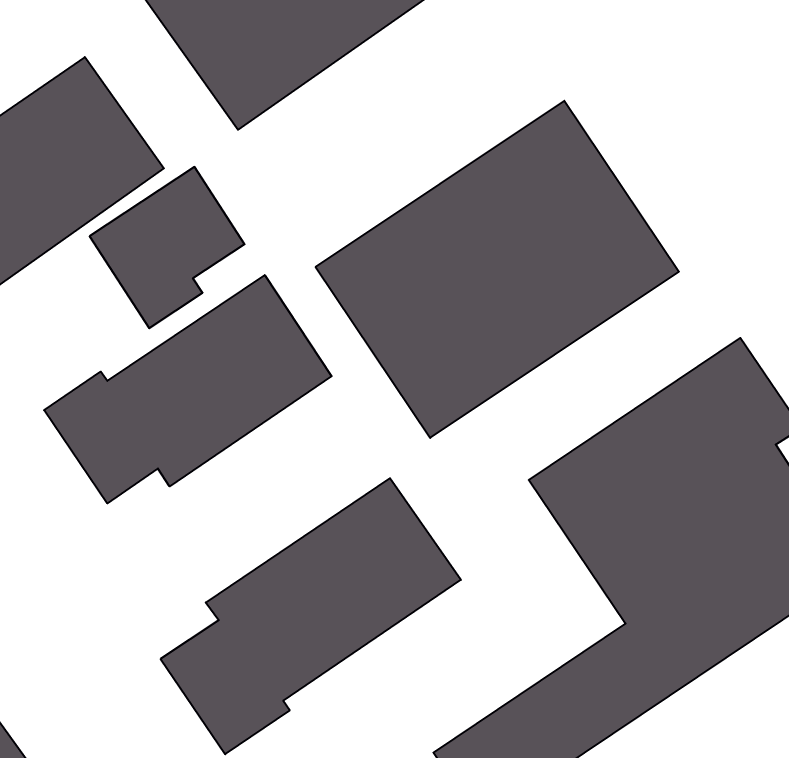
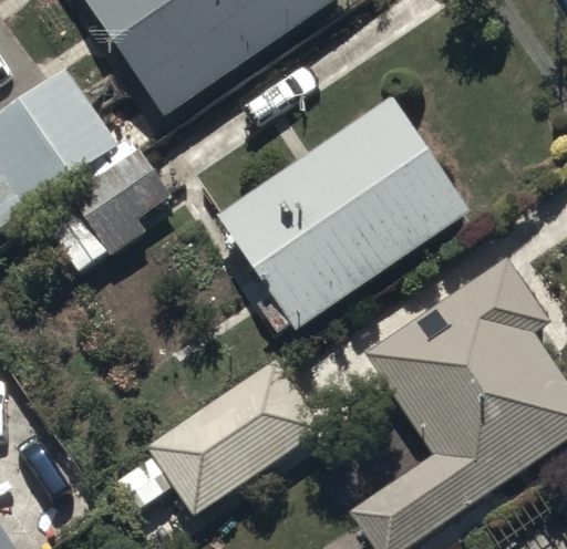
building: [44,275,332,503] -> none

